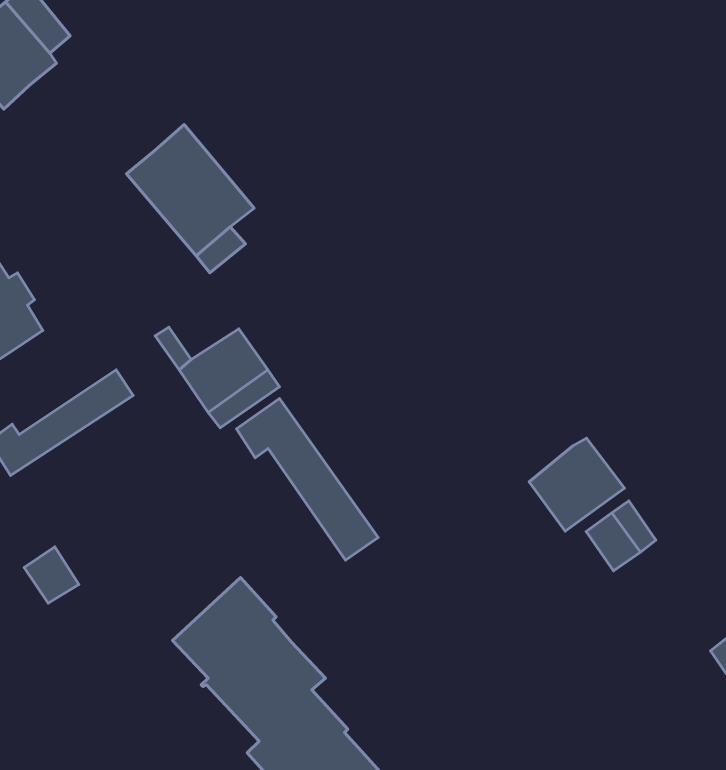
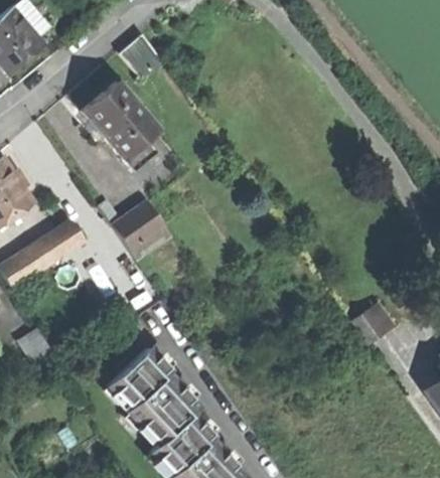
building: none -> [119,35,161,78]
building: [237,398,378,560] -> none
building: [529,438,624,531] -> none

